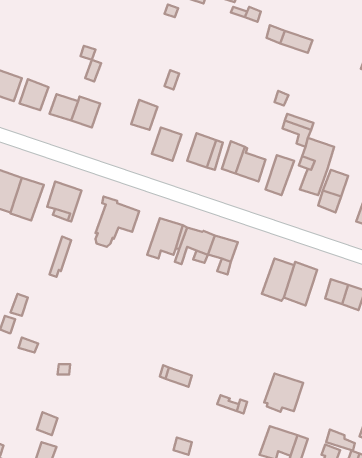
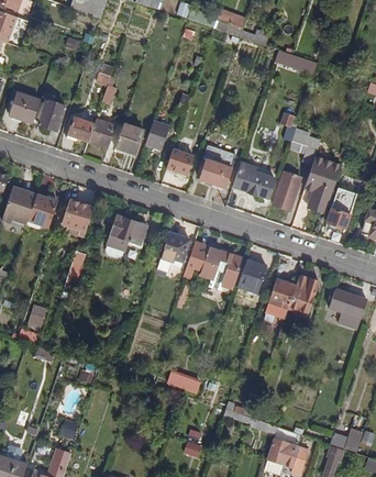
building: none -> [113,123,142,154]
building: none -> [241,259,269,293]
building: [264,373,303,412] -> none

